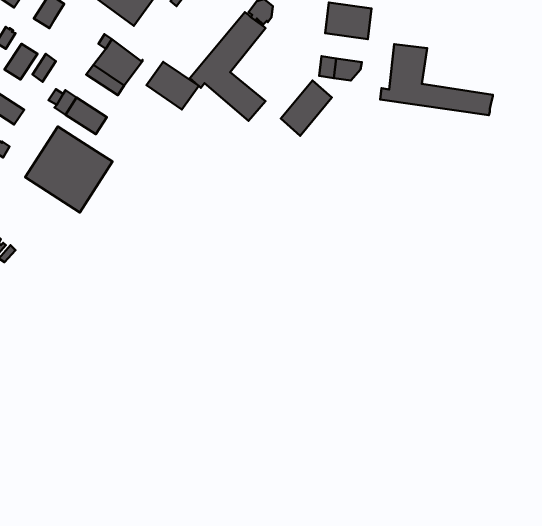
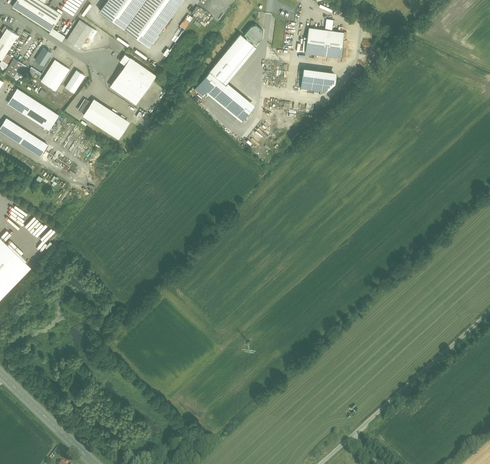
building: [380,44,493,115] -> none
building: [146,62,199,109] -> none
building: [281,80,332,136] -> none
building: [25,126,112,212] -> none

